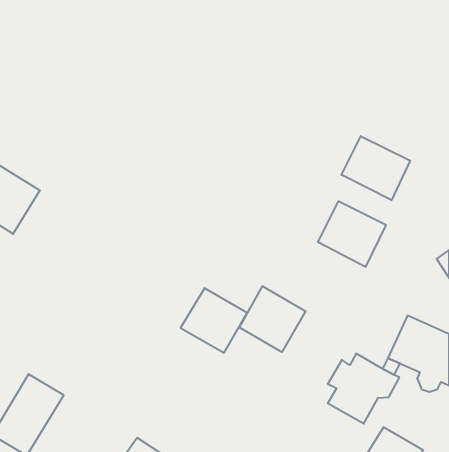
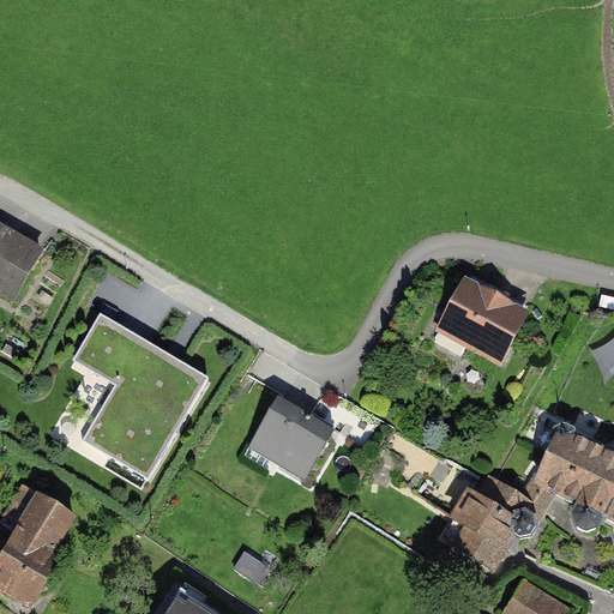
building: [341,136,410,200] -> none
building: none -> [76,312,207,474]
building: [239,286,306,352] -> none

